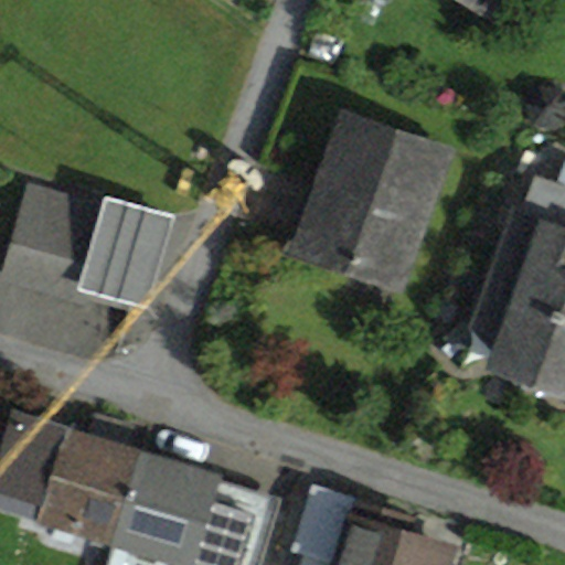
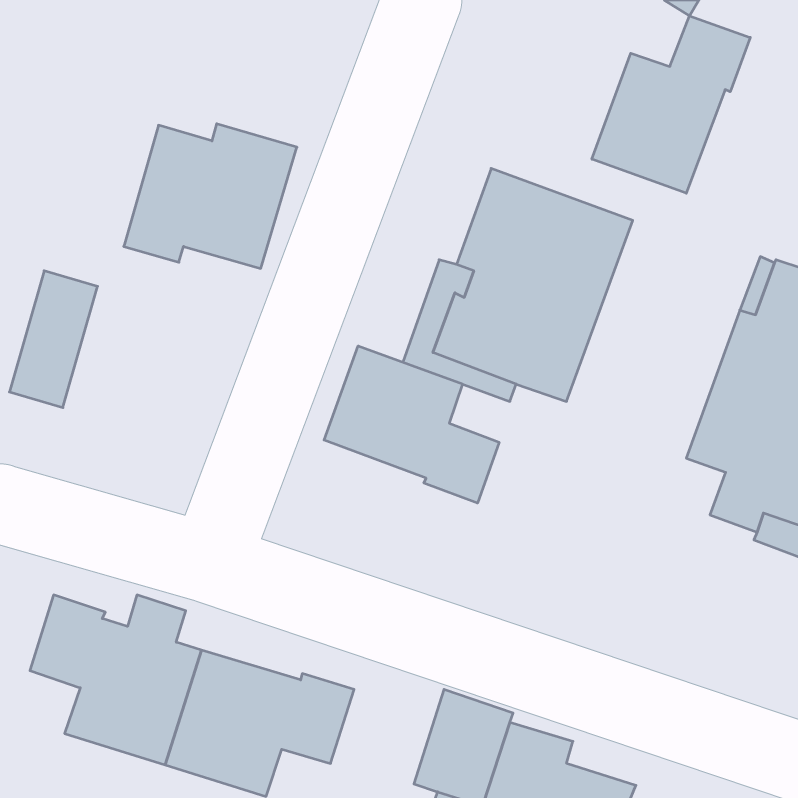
building: none -> [592,16,750,193]
building: [49,204,170,306] -> [124,124,297,268]
building: none -> [324,346,499,503]

